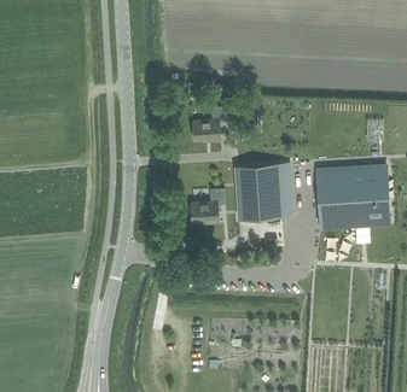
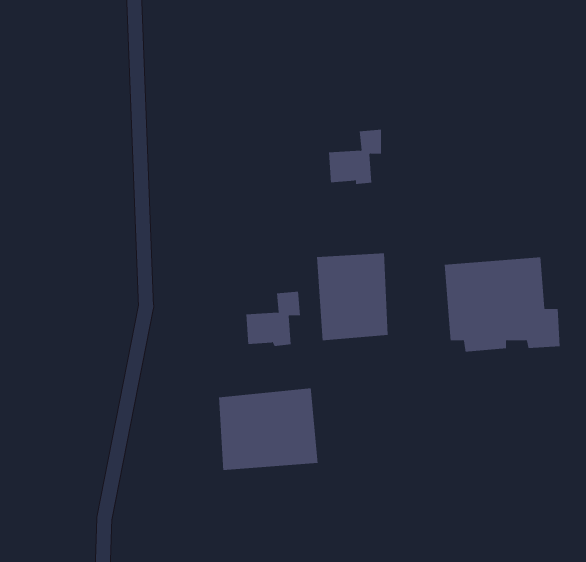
building: [193,106,227,141] -> [328,129,382,185]
building: none -> [218,388,318,471]

